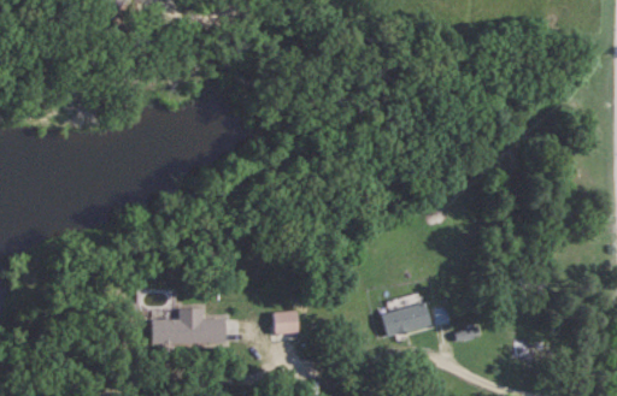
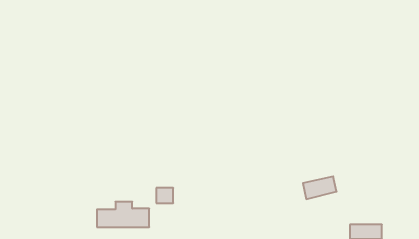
building: [383,303,431,336] -> [303,176,337,199]
building: [275,312,299,333] -> [156,188,173,203]

